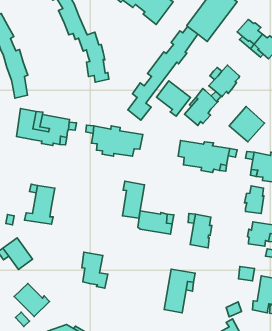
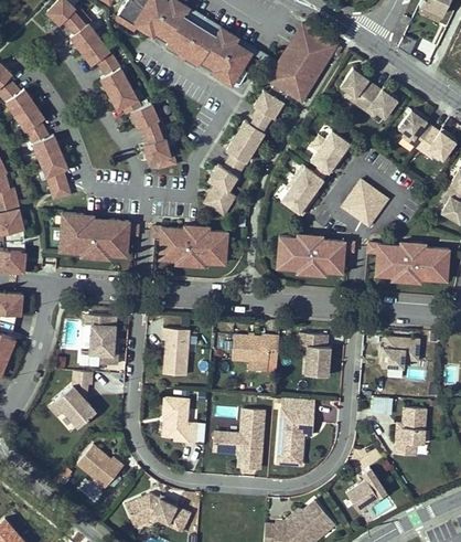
building: [157,81,190,116] -> none
building: [122,181,144,218] -> [163,327,191,374]
building: [244,186,264,213] -> none
building: none -> [213,408,264,461]

